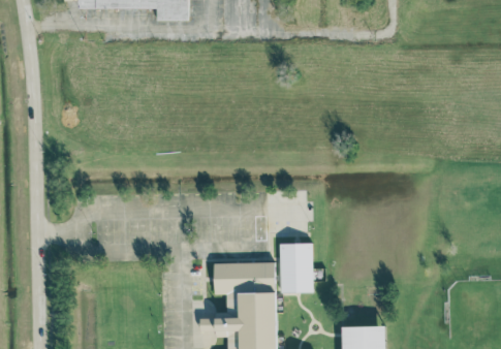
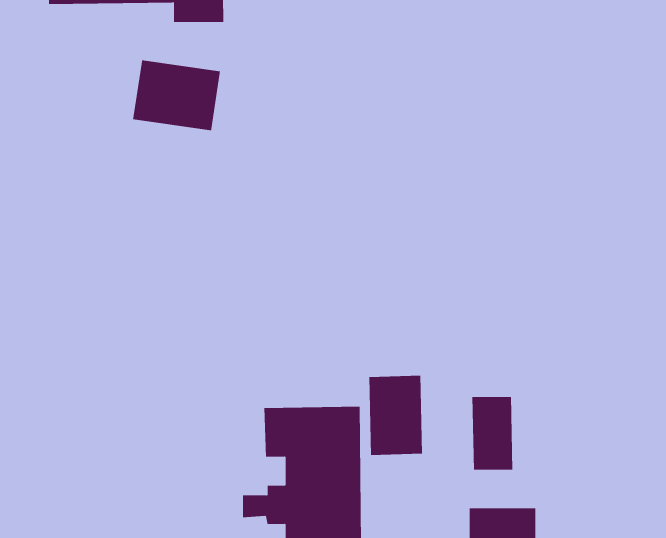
building: none -> [133,60,221,131]
building: none -> [472,396,513,471]

